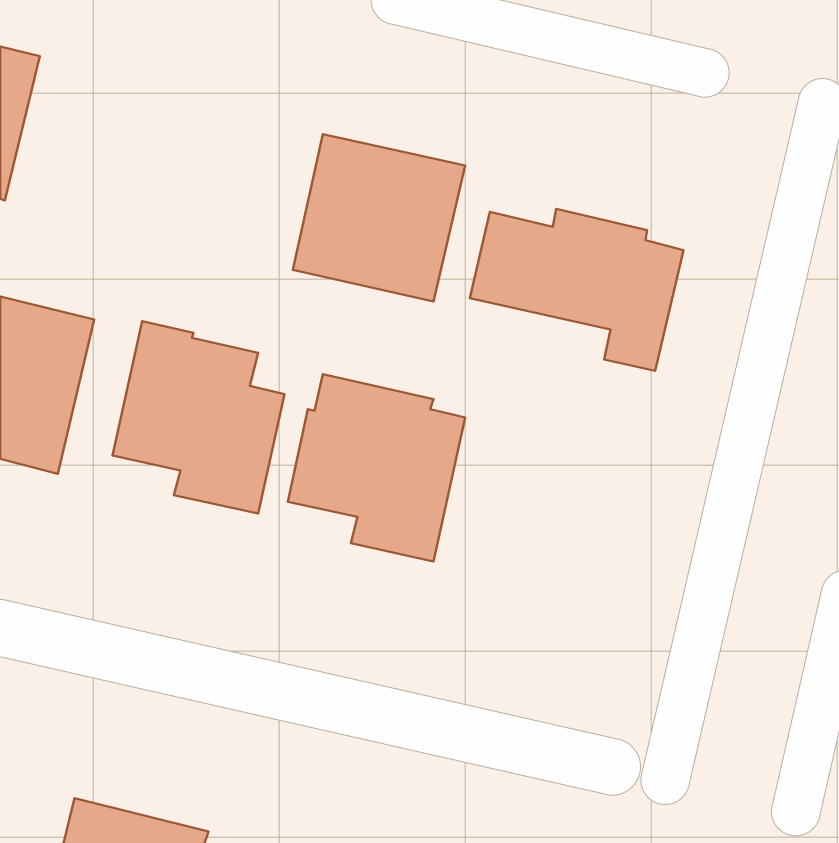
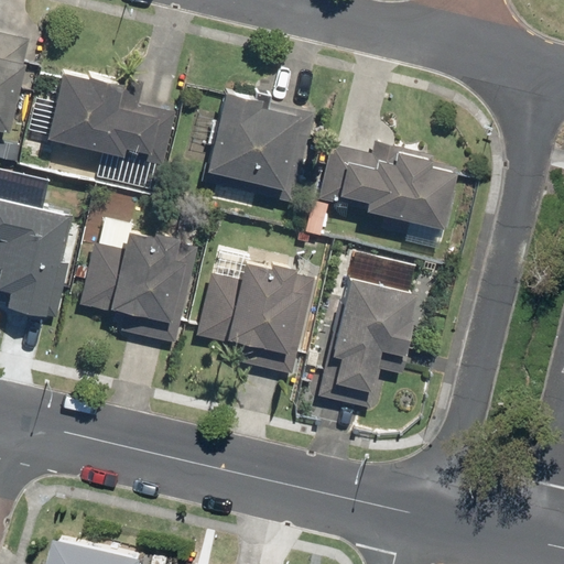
building: none -> [42,69,177,166]
building: none -> [317,247,416,410]

